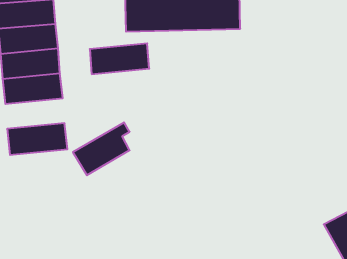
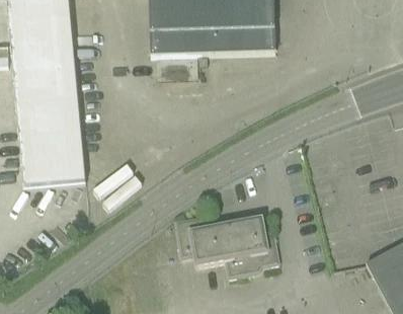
building: [90,43,149,74] -> [18,126,83,159]
building: none -> [176,215,278,274]

